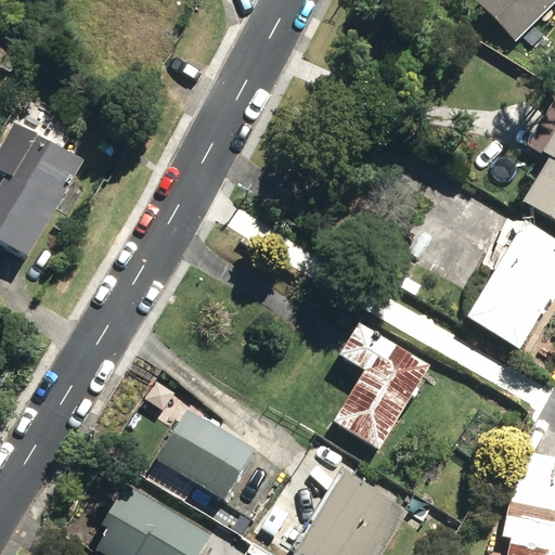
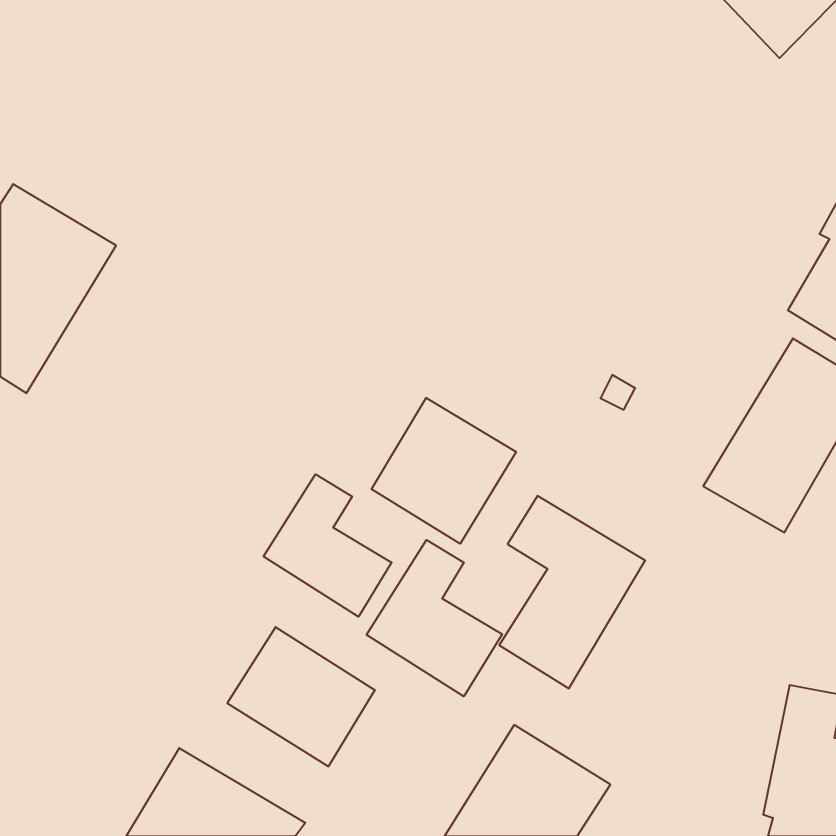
building: none -> [372,398,516,544]
building: none -> [264,474,392,617]
building: none -> [367,540,502,696]

